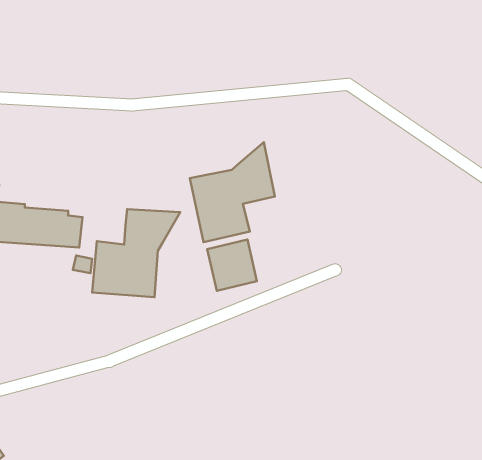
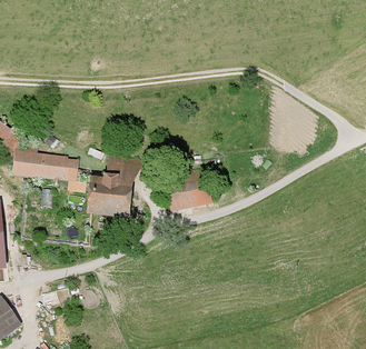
building: [190,142,275,242] -> none

